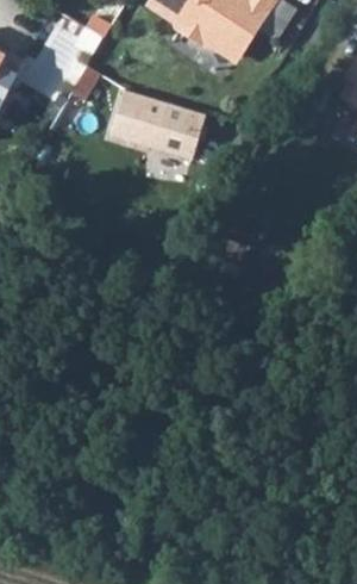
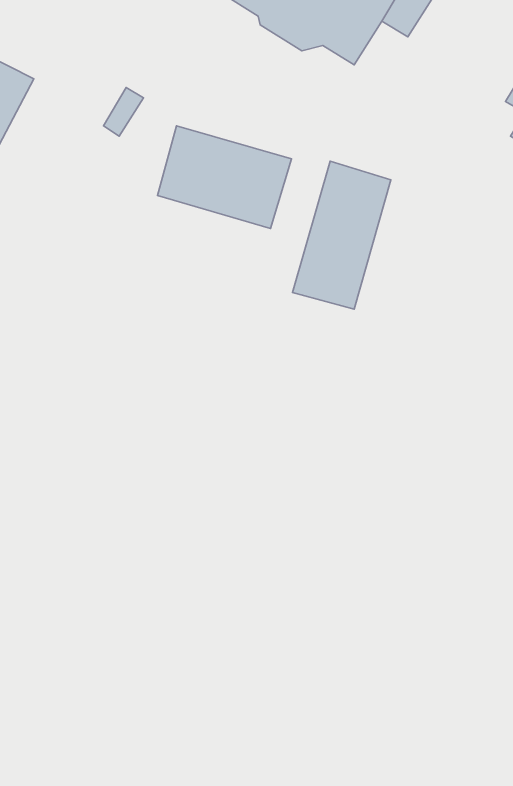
building: none -> [293,161,391,309]

